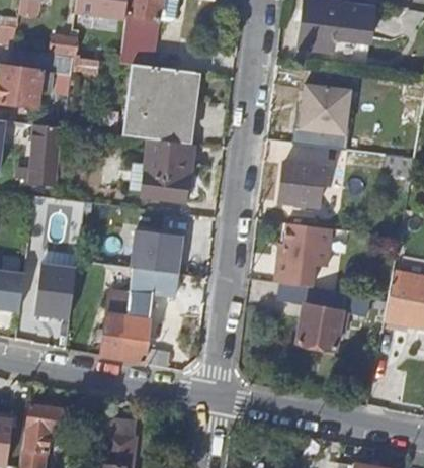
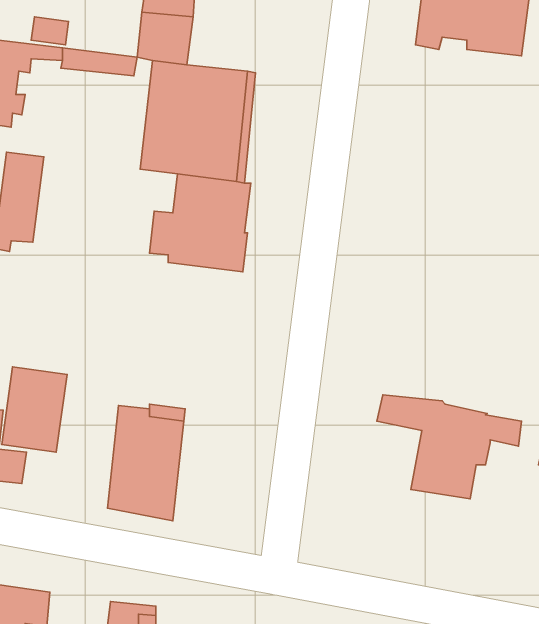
building: [298,85,351,147] -> none
building: [282,163,328,207] -> none
building: [276,222,332,279] -> none
building: [132,230,183,275] -> none

